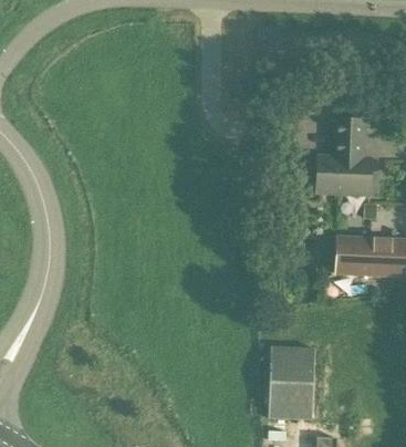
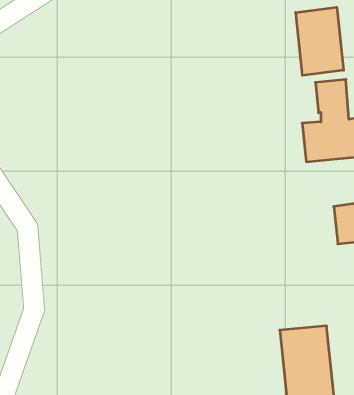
building: none -> [296,7,344,75]

